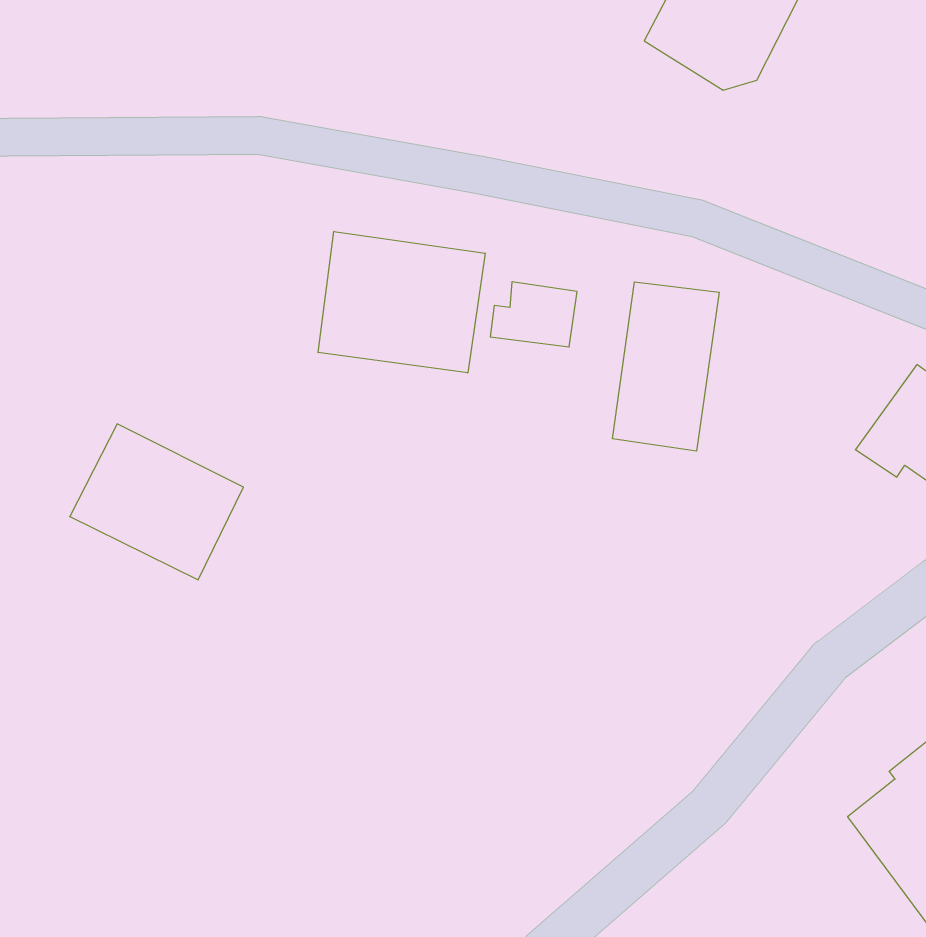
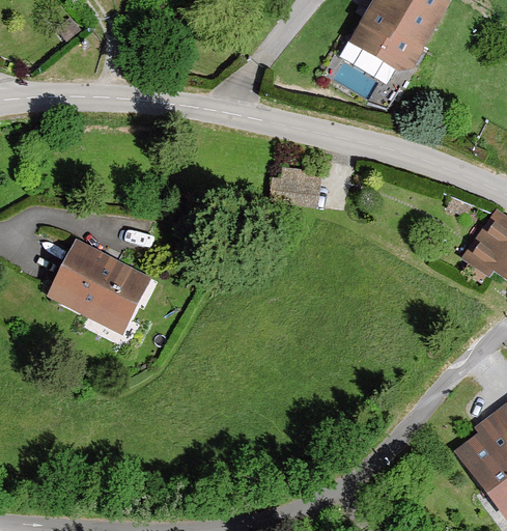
building: [318,231,485,373] -> none
building: [613,282,719,451] -> none

